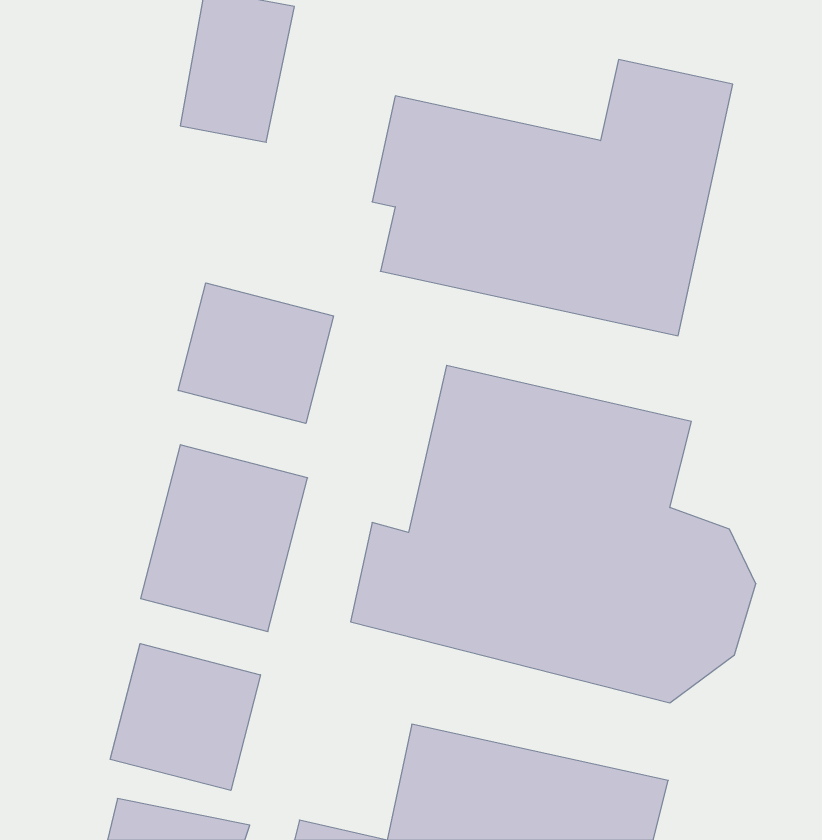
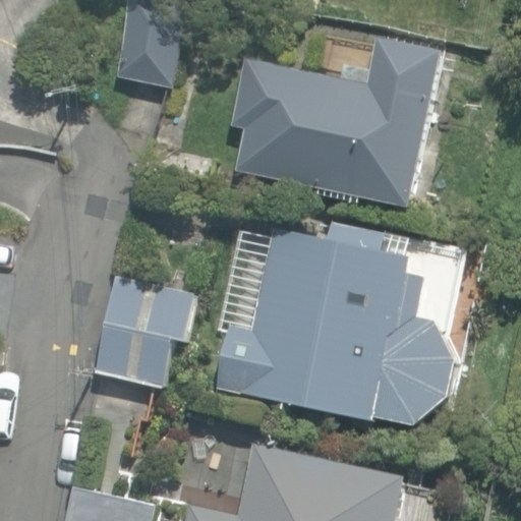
building: [178,283,333,423] -> none
building: [110,644,260,790] -> none

